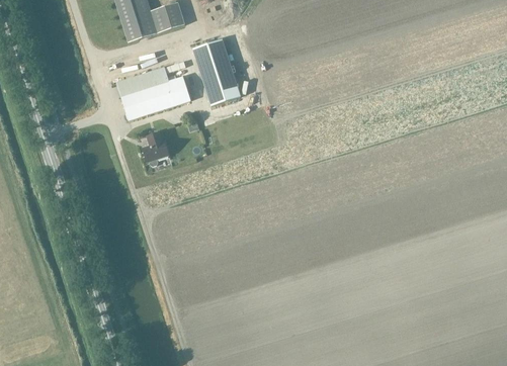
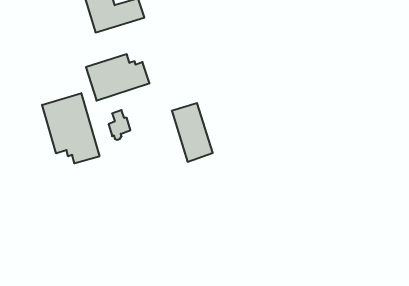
building: [192,38,240,106] -> [172,103,213,162]
building: none -> [42,93,99,163]

